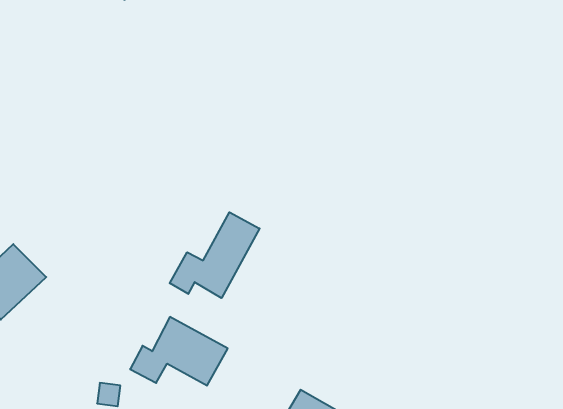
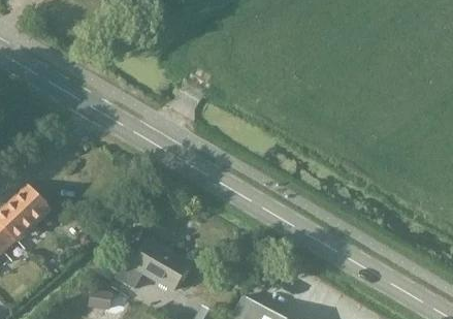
building: [170,212,260,298] -> none

